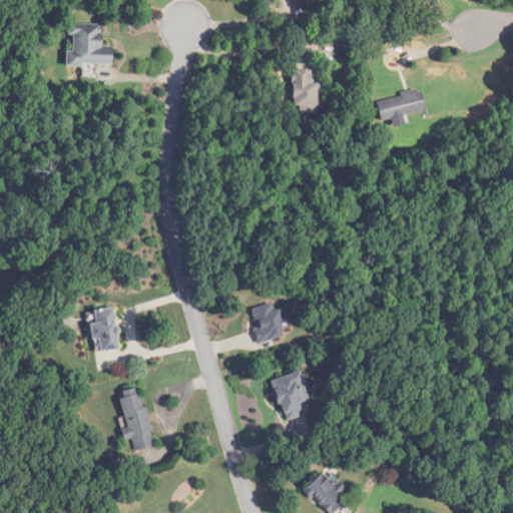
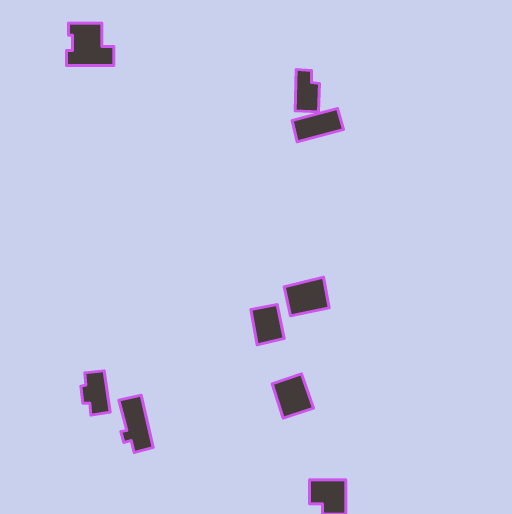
building: [375,88,426,121] -> [292,108,344,142]
building: none -> [284,277,329,316]
building: [90,308,119,352] -> [81,371,110,415]

